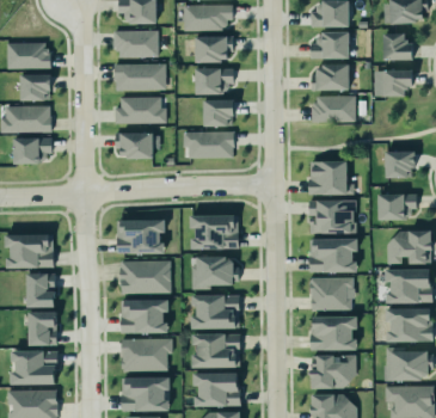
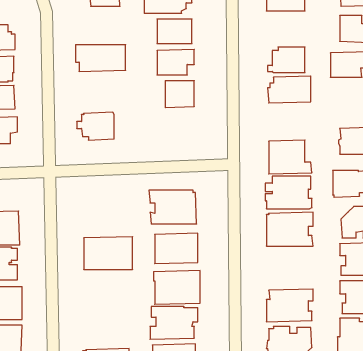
building: [115,32,156,59] -> none
building: [314,33,351,59] -> none
building: [116,97,168,124] -> none
building: [183,128,235,156] -> none
building: [116,217,164,252] -> none
building: [309,276,354,309] -> none
building: [119,297,167,332] -> none
building: [119,337,172,371] -> none

